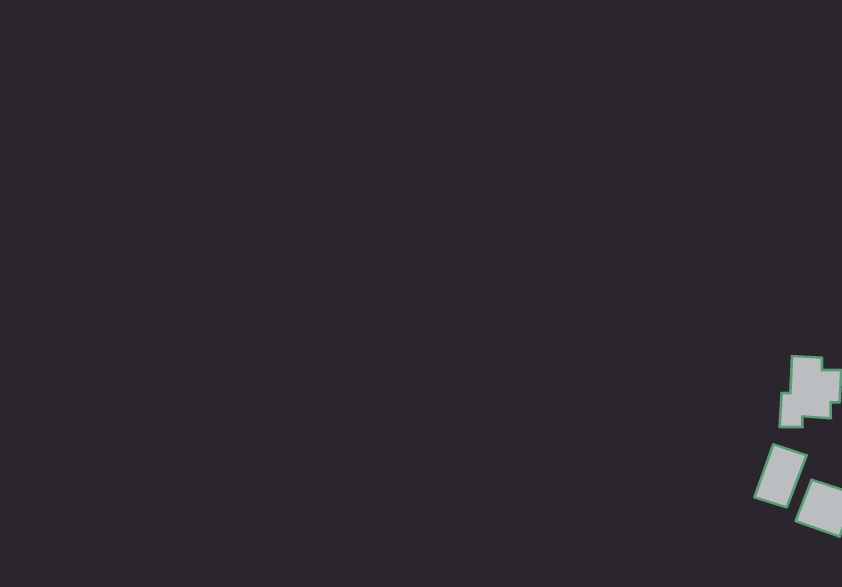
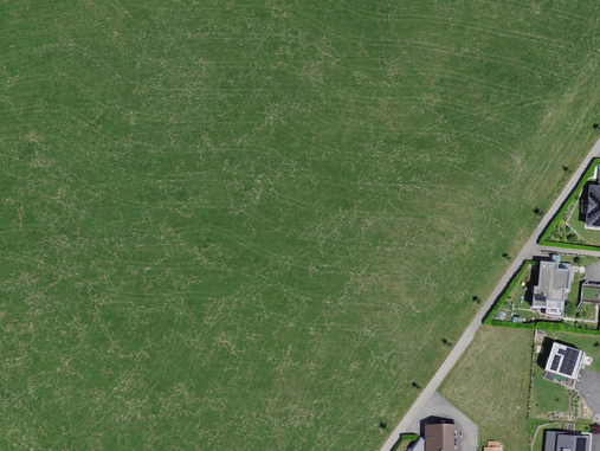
building: [755,444,807,507] -> none

